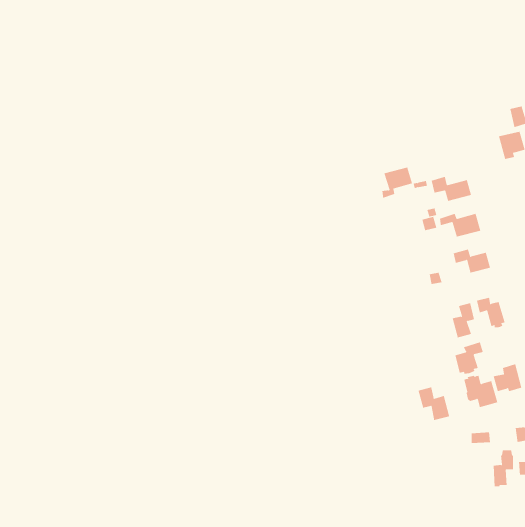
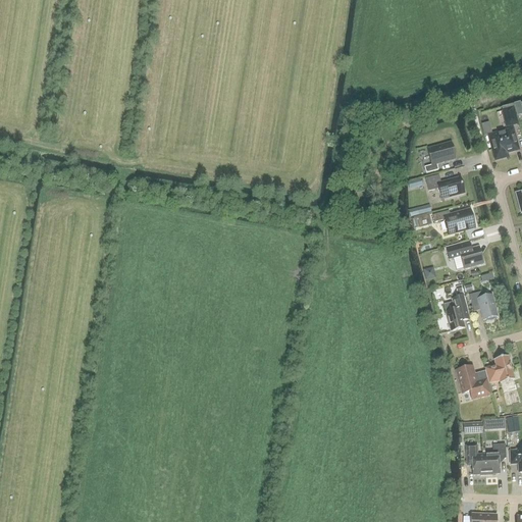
building: [381,167,413,198] -> [425,141,456,171]
building: [455,342,484,375] -> none
building: [418,386,450,421] -> none
building: none -> [466,443,486,474]

